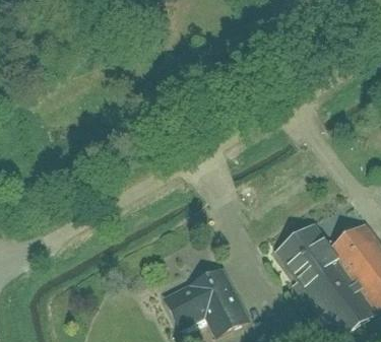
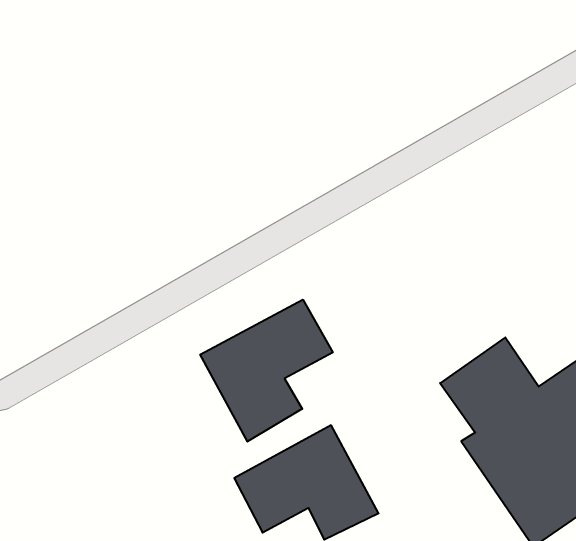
building: none -> [200,300,333,442]

